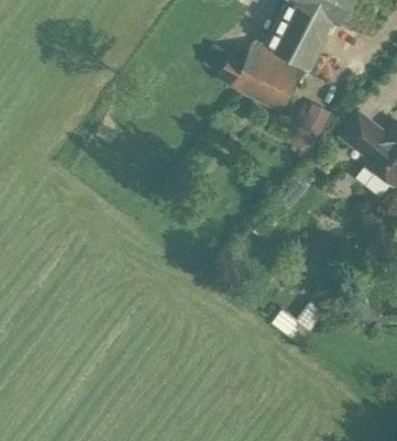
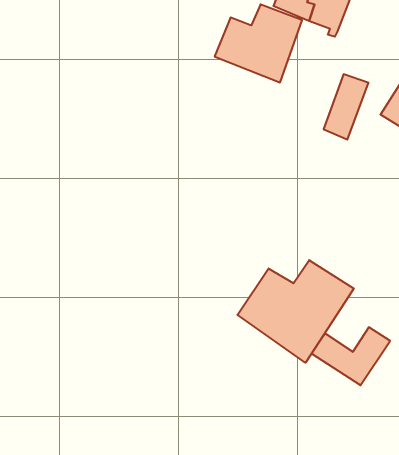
building: [265,56,306,111] -> none
building: none -> [237,260,354,363]

